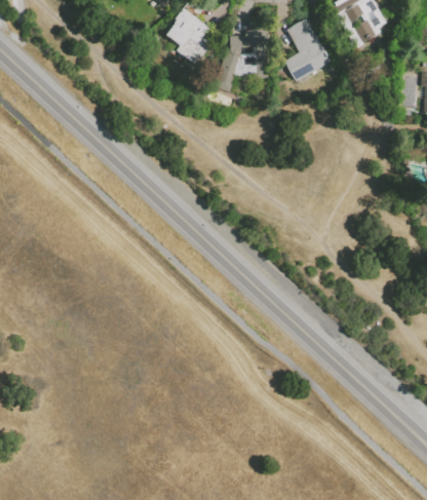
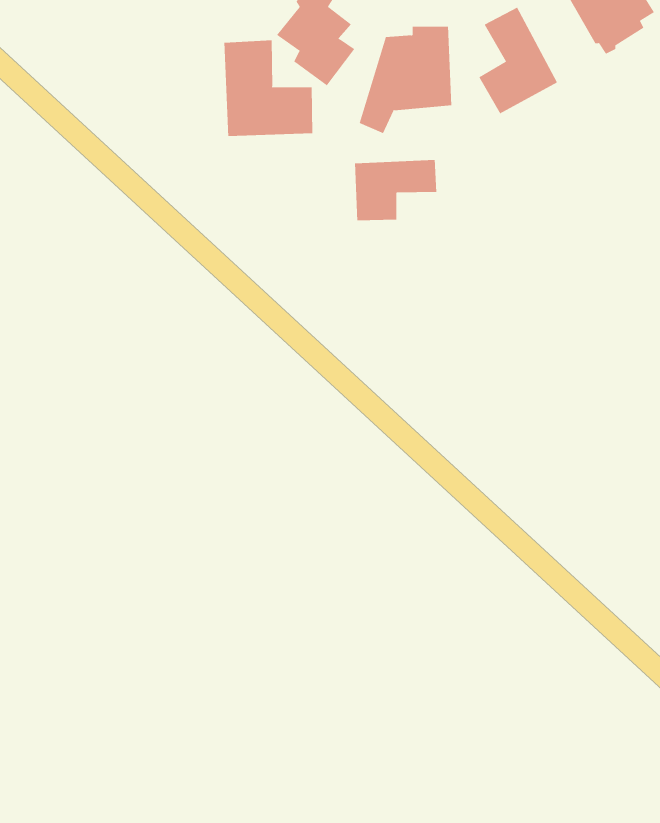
building: none -> [224,40,313,137]
building: none -> [355,159,437,221]

